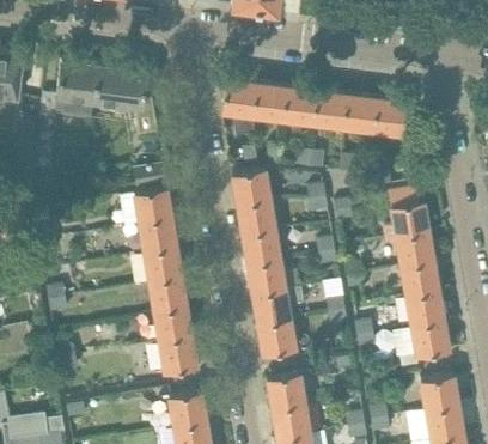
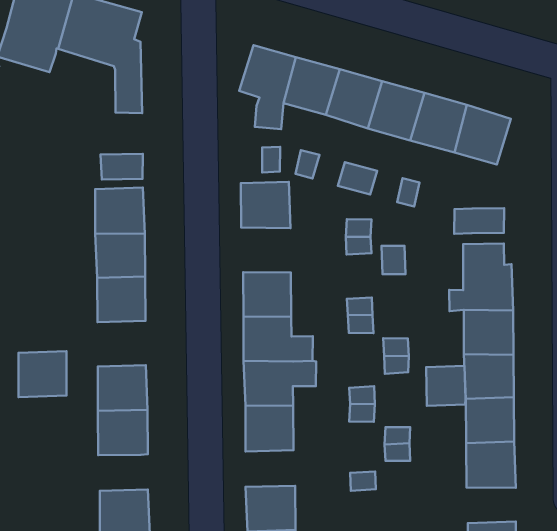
building: [236,201,274,236] -> none
building: none -> [426,366,465,406]
building: [148,279,185,315] -> [18,351,67,397]

